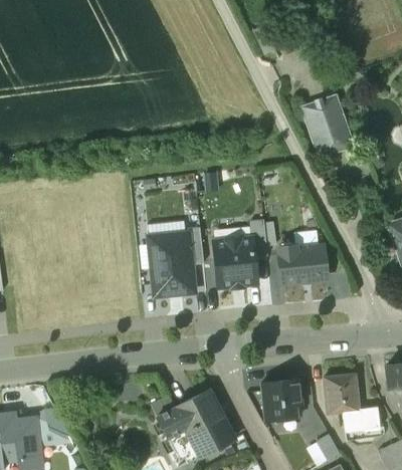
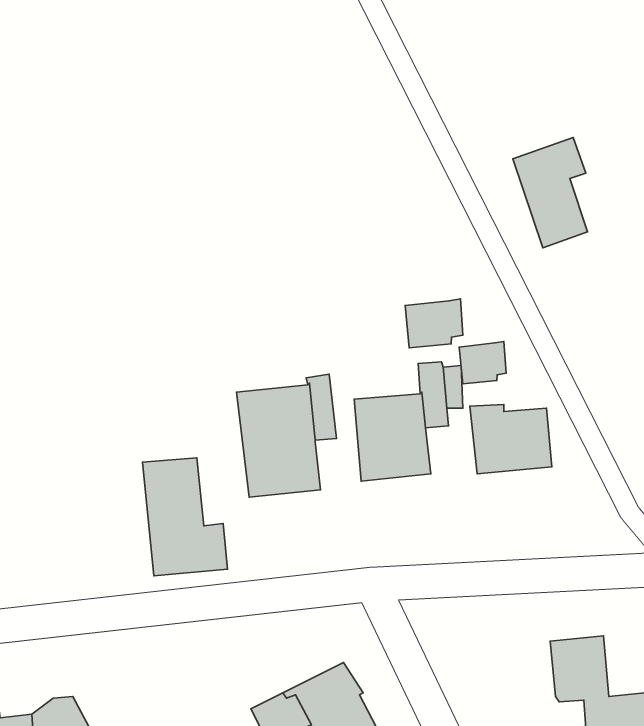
building: none -> [405,299,463,348]
building: none -> [459,341,506,384]
building: none -> [143,458,227,576]
building: [260,380,300,420] -> none

